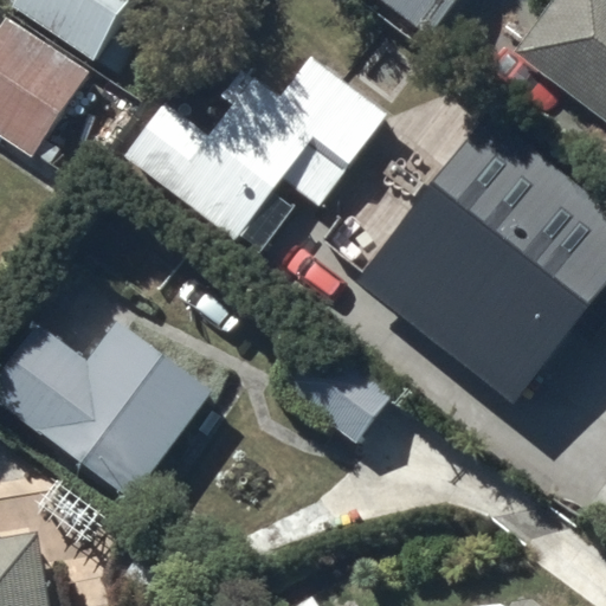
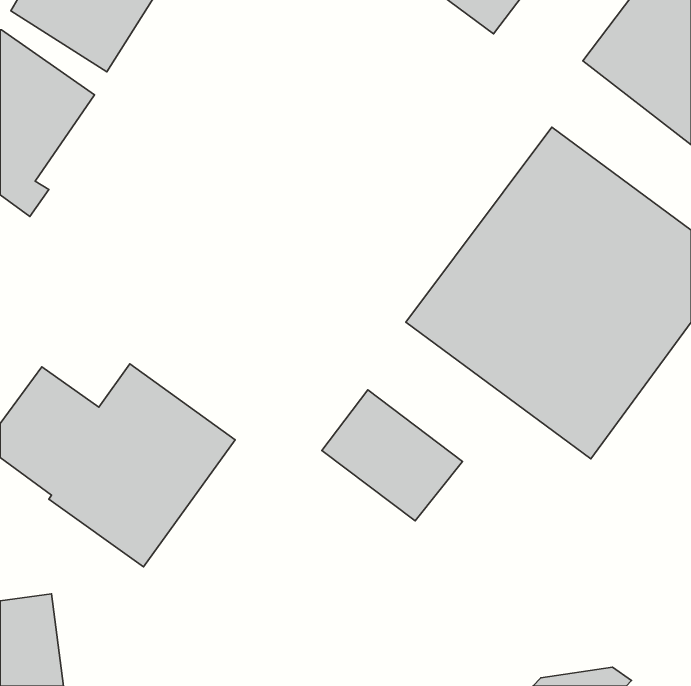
building: [124,57,389,244] -> none

